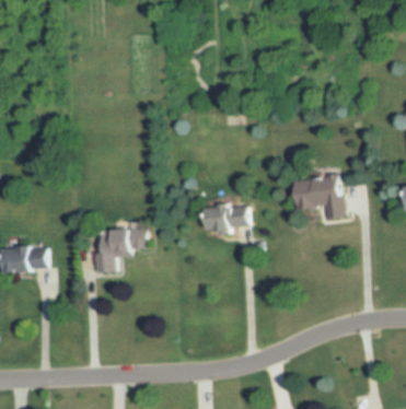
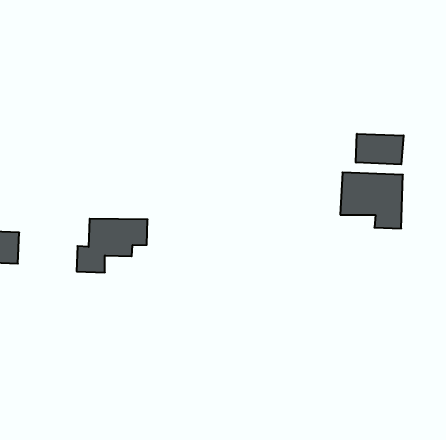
building: none -> [356,134,404,164]
building: [212,203,248,230] -> none

